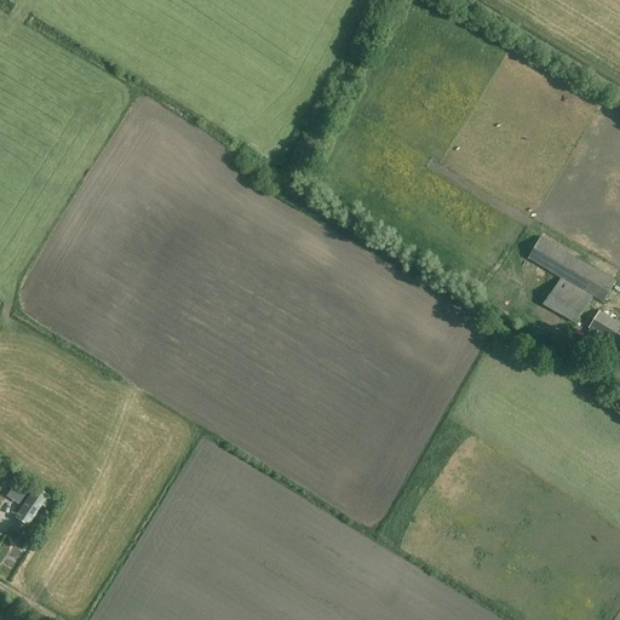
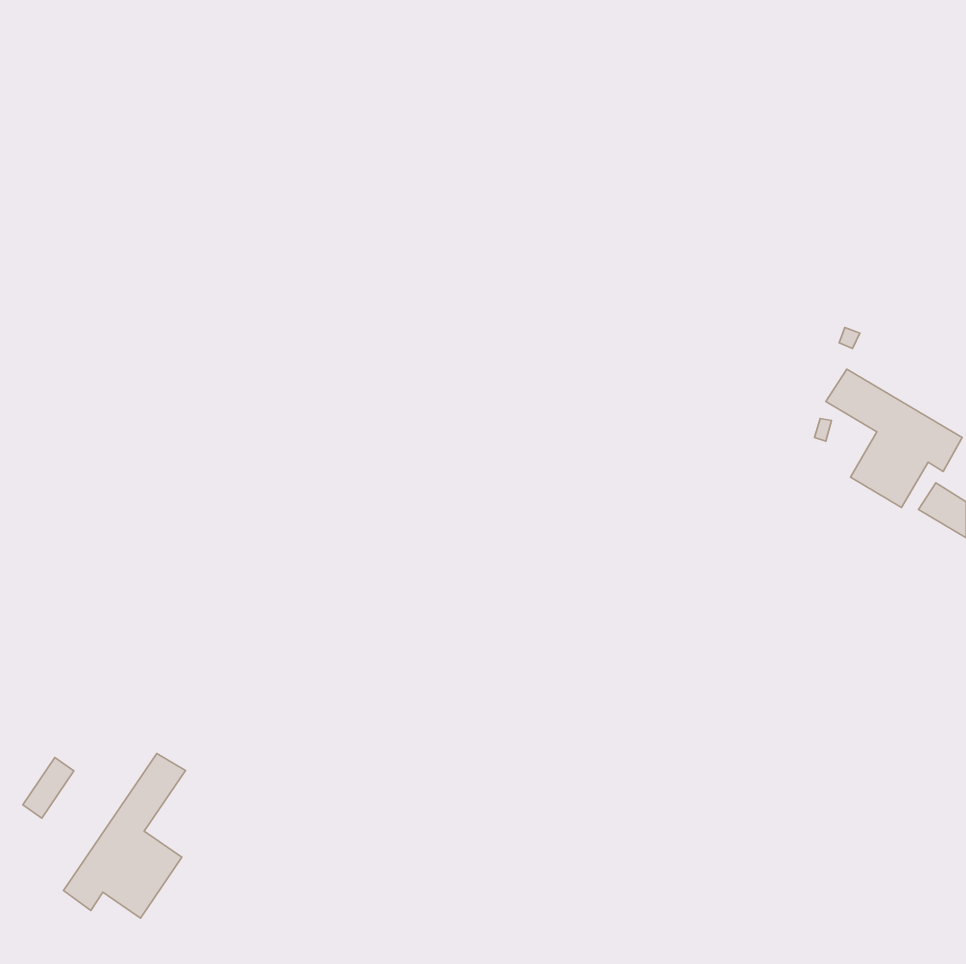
building: none -> [64,753,185,918]

